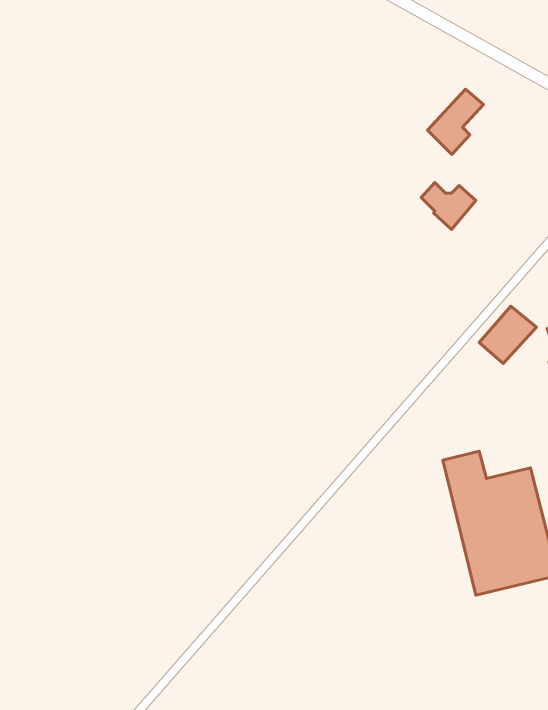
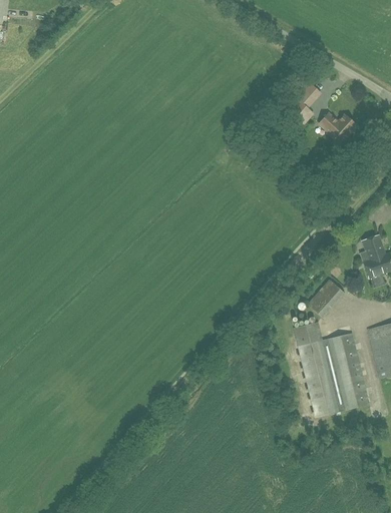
building: [421,182,476,229] -> [320,112,356,143]
building: [479,306,537,364] -> [307,279,345,317]

